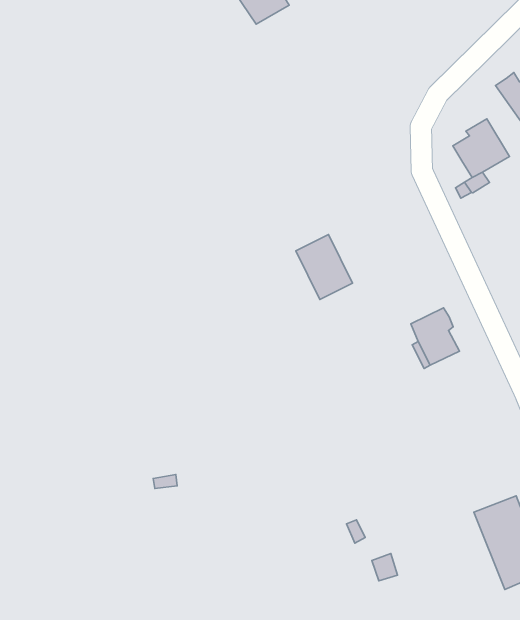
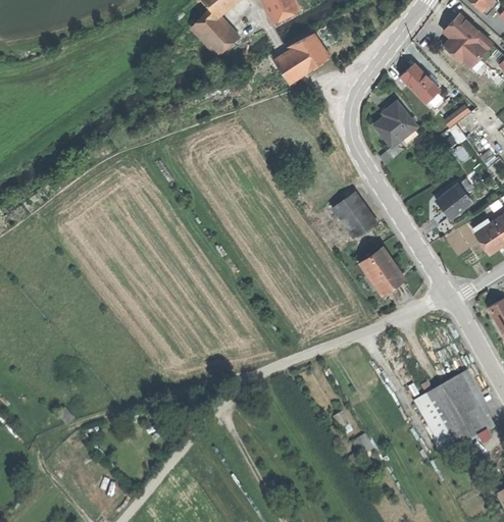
building: none -> [274,33,330,84]
building: [296,234,352,299] -> [333,190,377,239]

